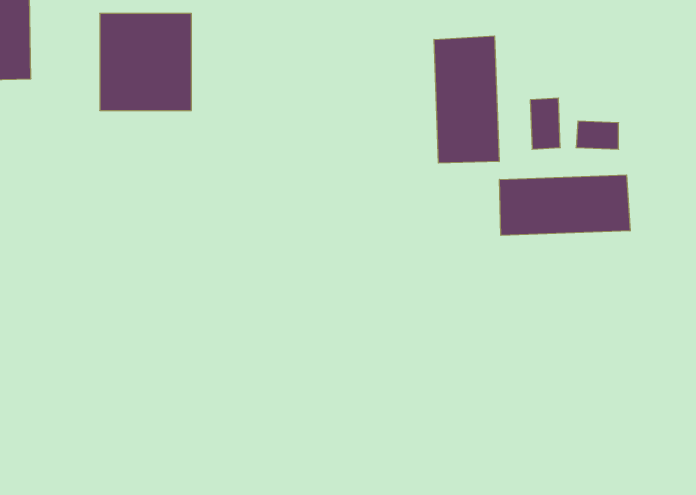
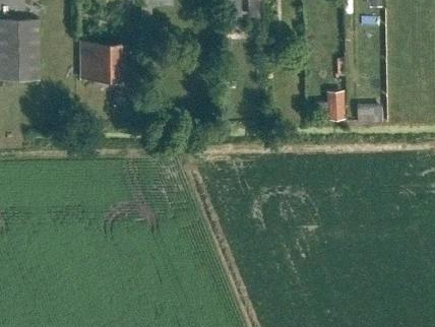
building: [434,36,499,163] -> none
building: [500,175,630,235] -> none

